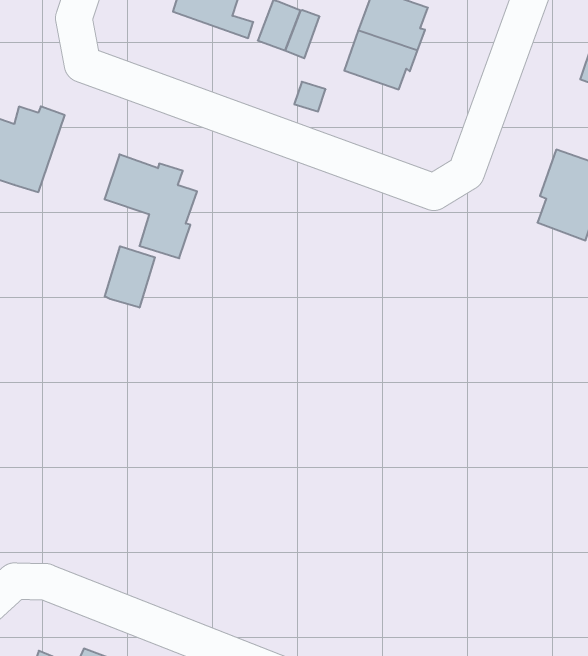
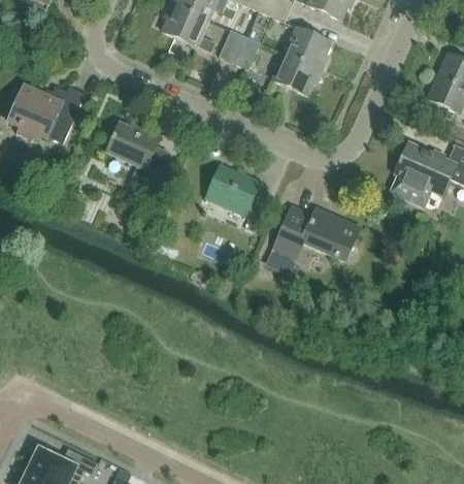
building: none -> [204,162,266,222]
building: [105,246,155,308] -> none
building: none -> [271,205,359,261]

